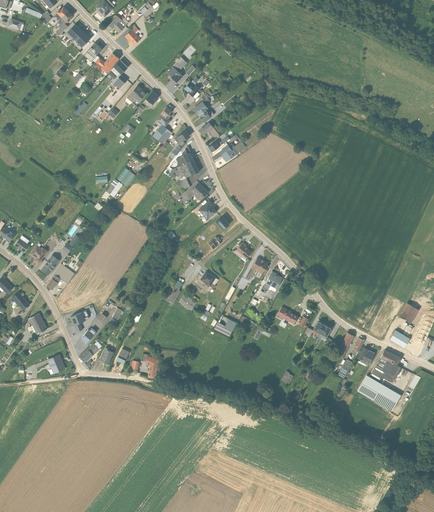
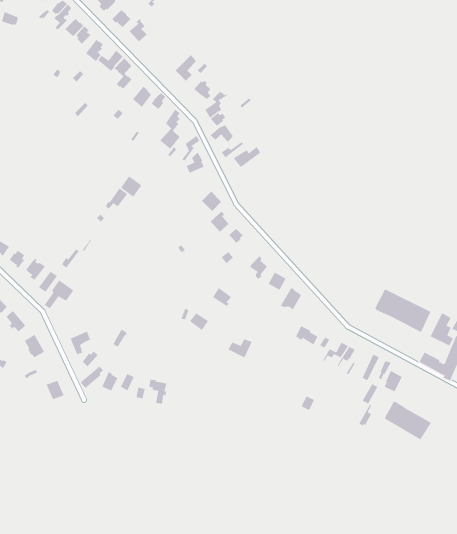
building: [174,160,199,190] -> none
building: none -> [374,288,431,333]
building: [369,349,401,382] -> none

